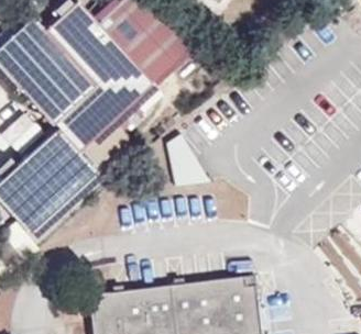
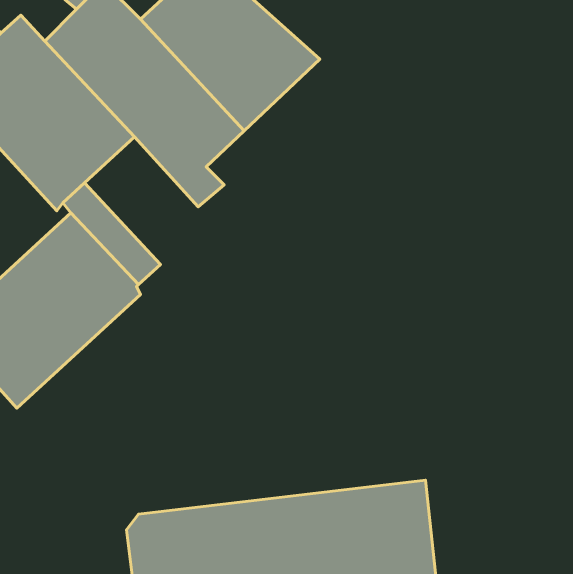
building: [66,87,129,157] -> none

